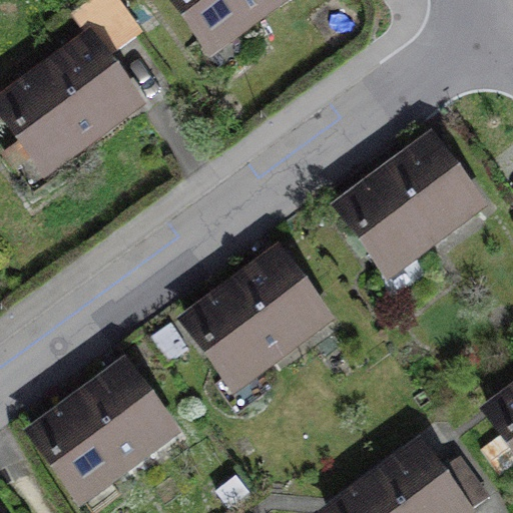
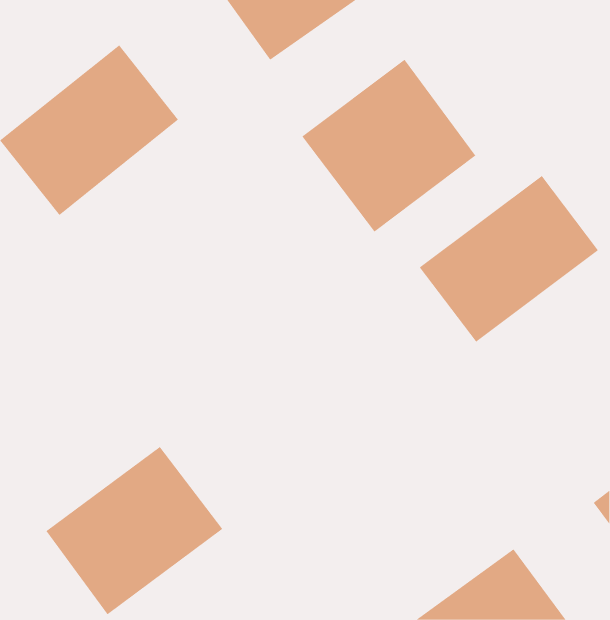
building: none -> [301,59,476,232]
building: [197,251,326,373] -> none

